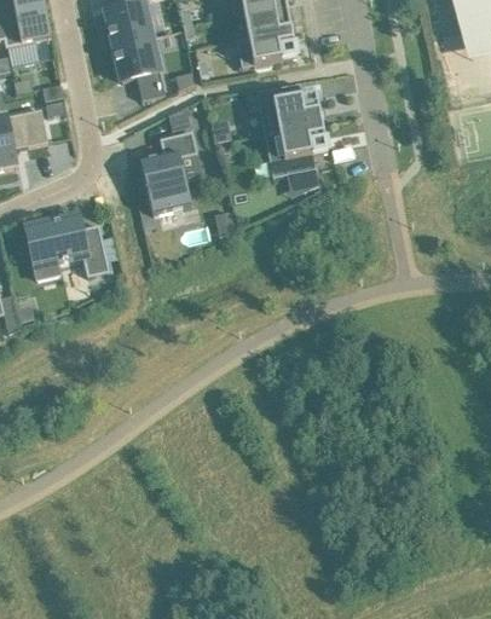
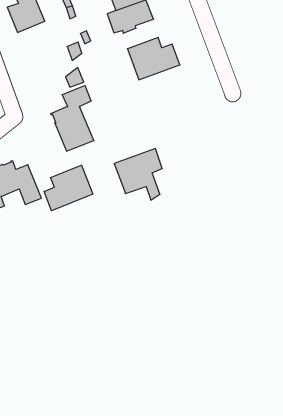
building: [114,37,166,100] -> none
building: [265,125,328,192] -> [114,149,162,200]
building: none -> [44,165,93,211]

